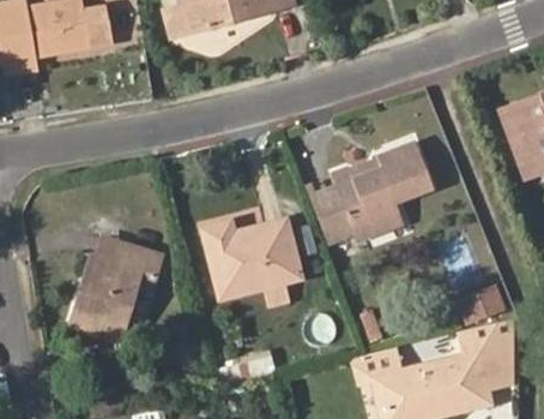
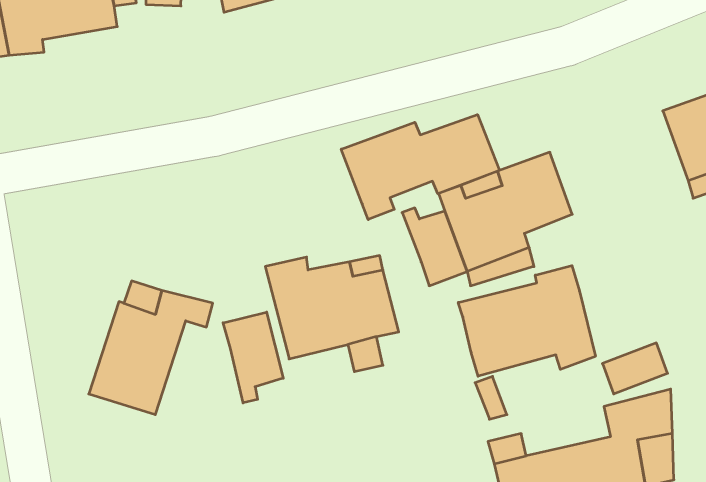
building: none -> [341,115,499,220]
building: none -> [458,266,595,376]
building: none -> [223,312,283,403]

